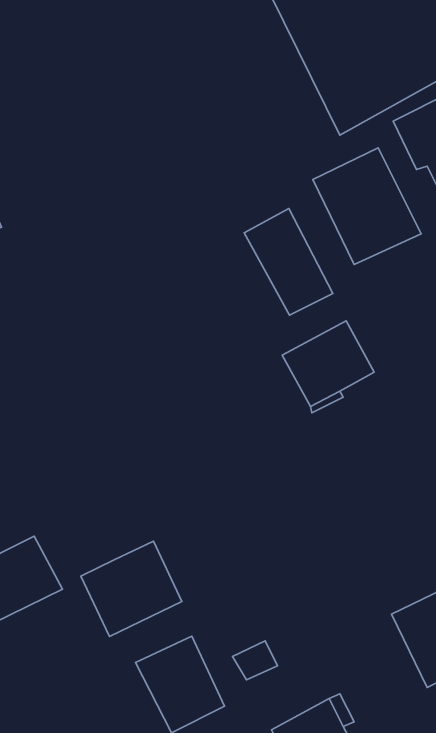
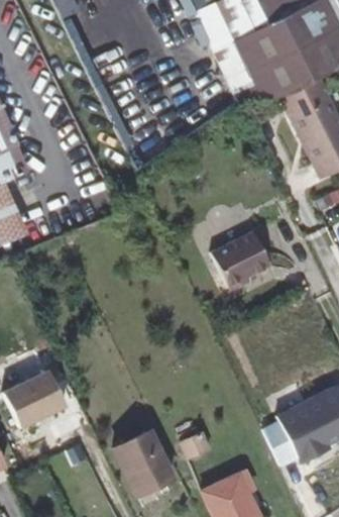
building: [313,148,421,265] -> none
building: [244,208,333,315] -> none
building: [81,541,182,636] -> none

